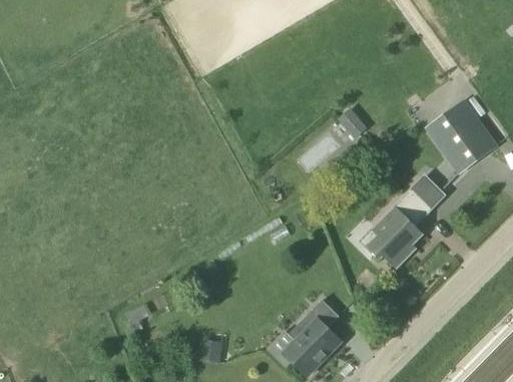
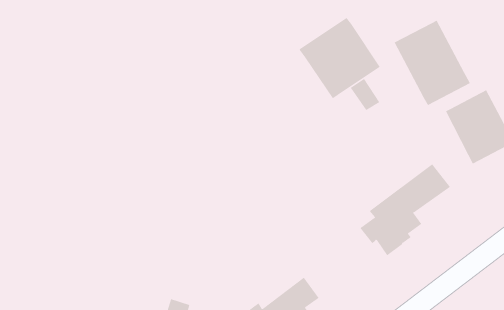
building: none -> [394,20,471,106]
building: none -> [299,17,381,99]

